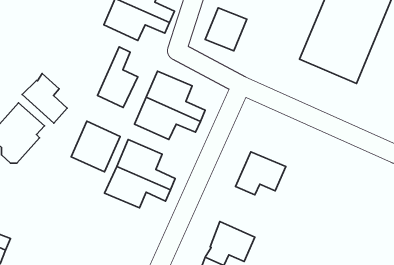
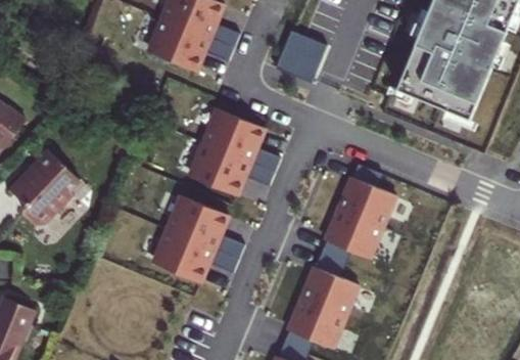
building: [97,47,138,107] -> none
building: [22,74,67,123] -> none
building: none -> [337,166,395,229]
building: [71,121,120,172] -> none
building: none -> [298,255,357,318]

